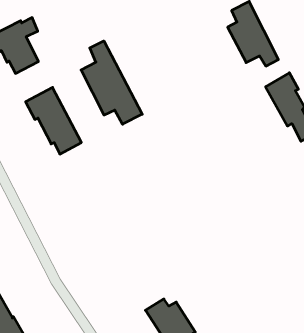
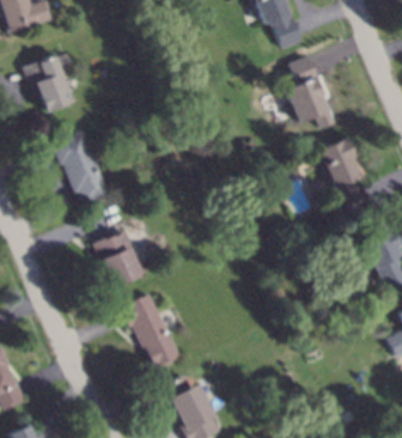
building: [81,41,142,124] -> none
building: none -> [95,232,145,288]
building: none -> [122,294,181,367]

